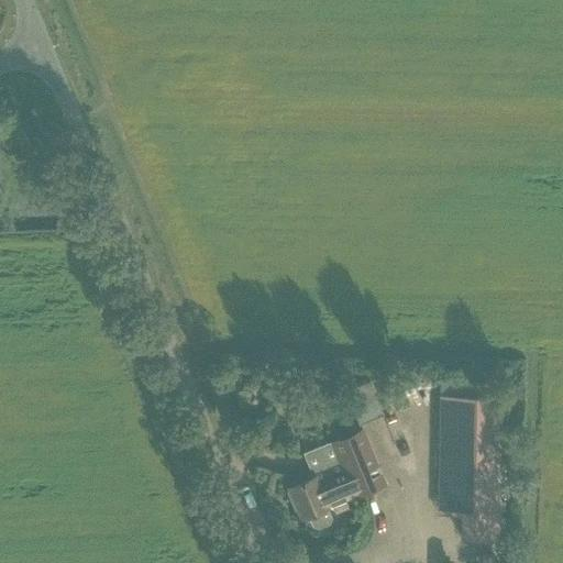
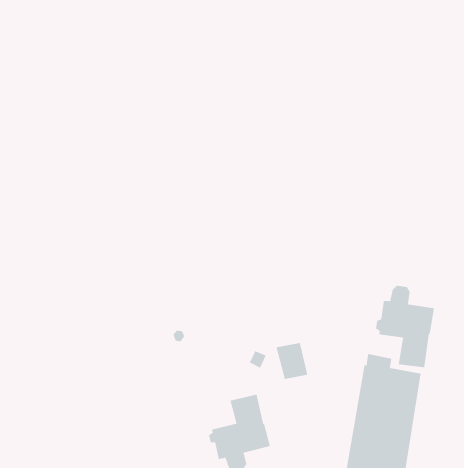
building: none -> [375,285,435,369]
building: [333,430,386,498] -> none

